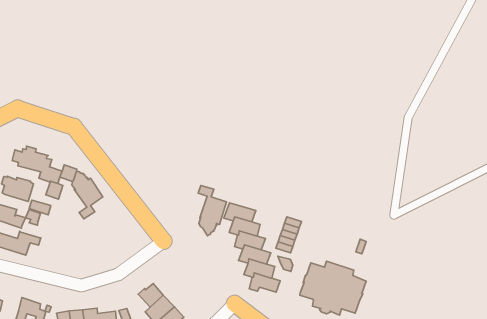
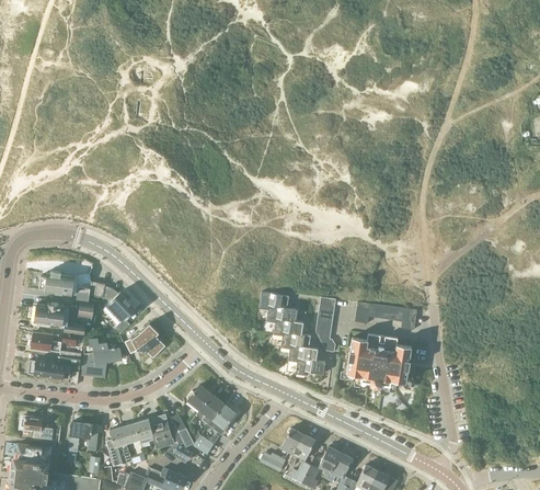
building: [198,185,226,236] -> none
building: none -> [125,322,165,356]
building: none -> [83,337,122,377]

